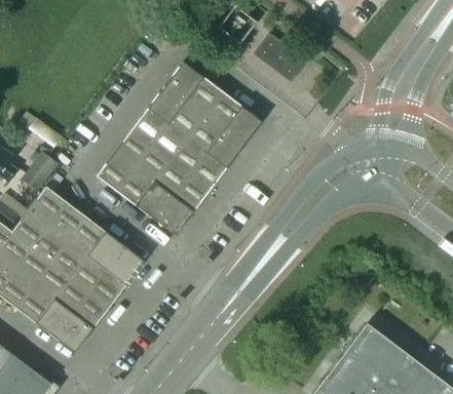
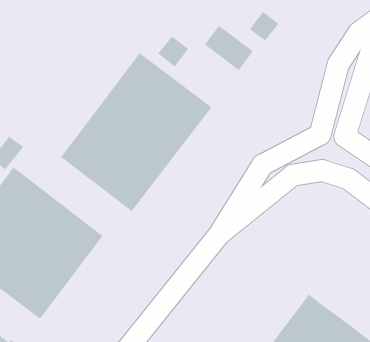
building: none -> [249,11,280,42]
building: none -> [157,36,189,67]

